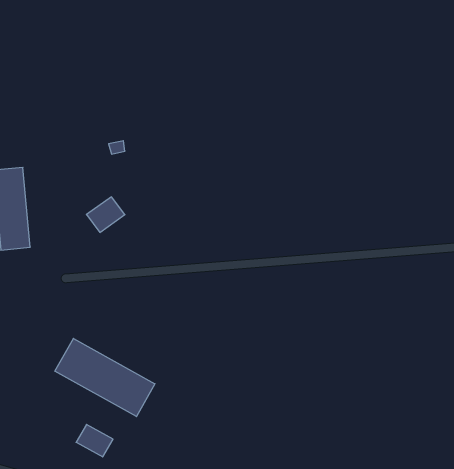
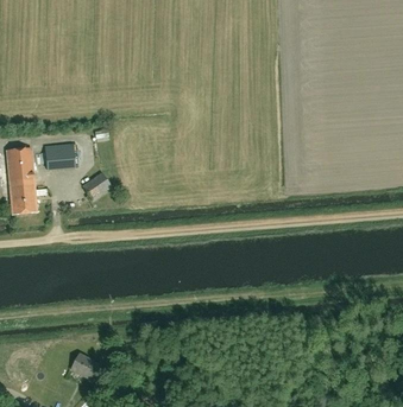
building: none -> [44,142,75,170]
building: [55,338,155,417] -> none

